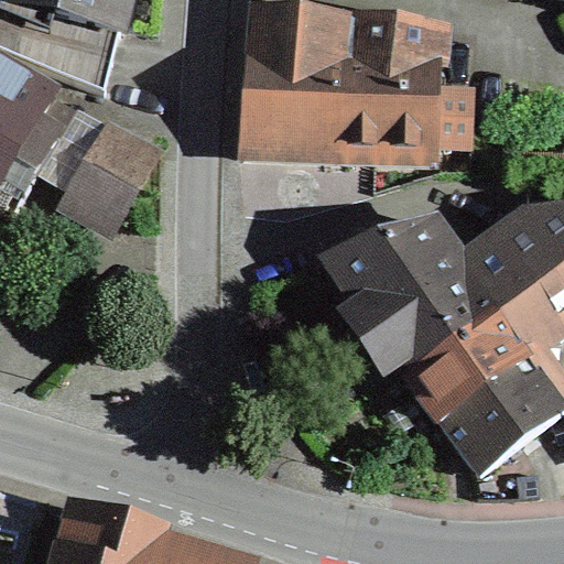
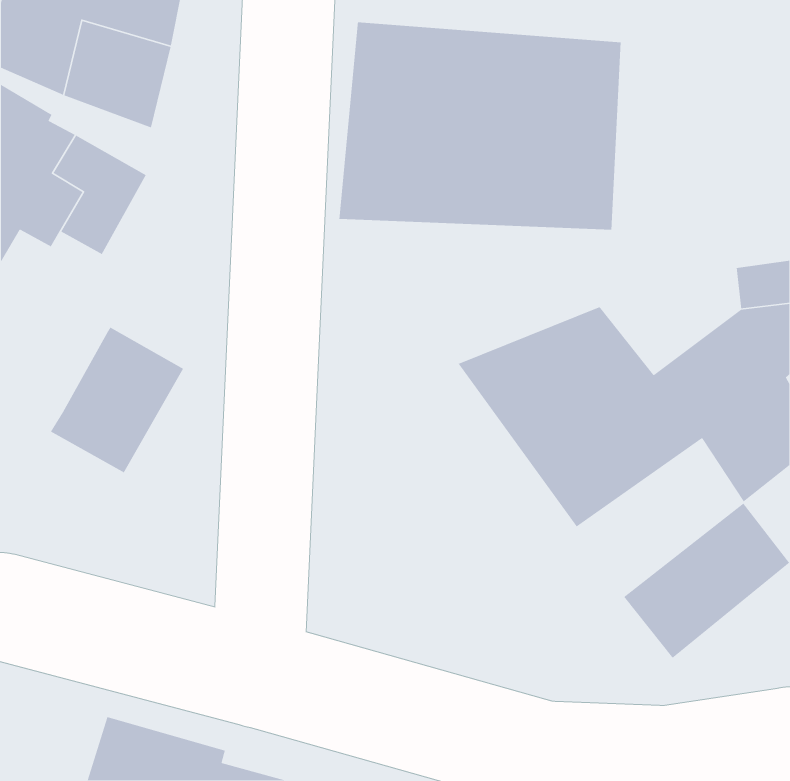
building: [64,121,160,226] -> [50,327,184,474]
building: [411,313,530,425] -> none

